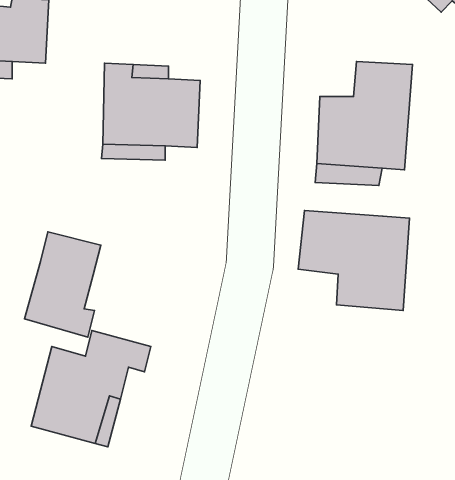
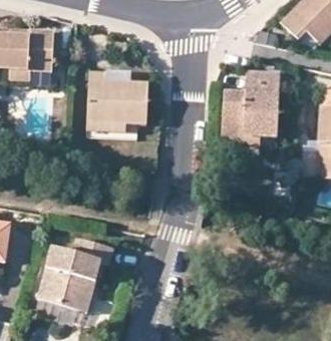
building: [298,211,410,311] -> none
building: [24,232,101,337] -> none

